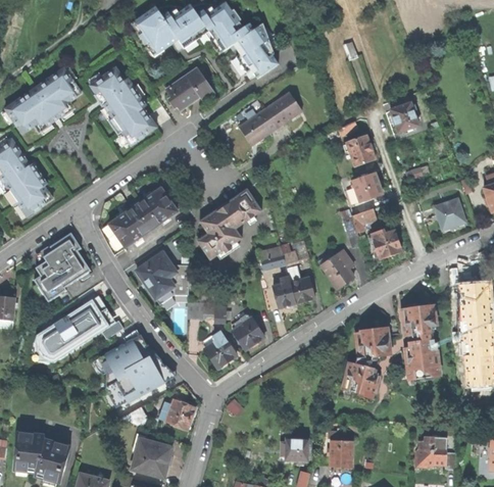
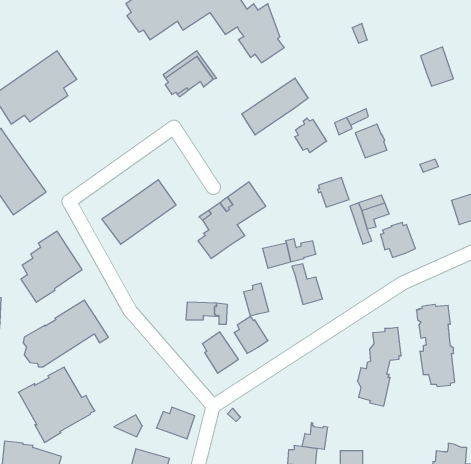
building: [90,65,160,147] -> none
building: [387,95,417,132] -> [421,47,453,86]
building: none -> [295,118,327,153]
building: [351,174,381,201] -> [317,178,349,207]
building: [136,251,175,303] -> none
building: [320,251,353,288] -> none
building: [273,277,296,307] -> [244,283,269,316]
building: [97,334,168,404] -> [18,367,95,442]
building: none -> [302,423,327,449]

